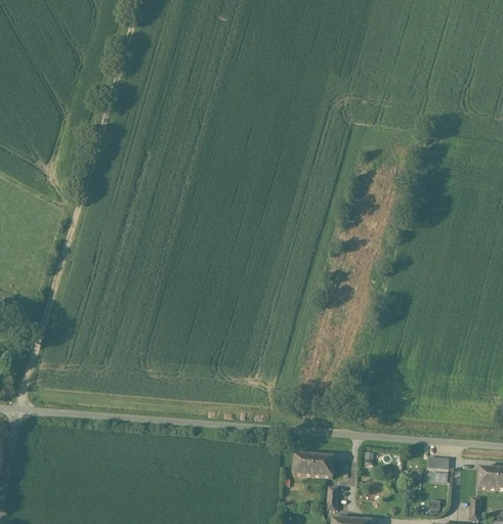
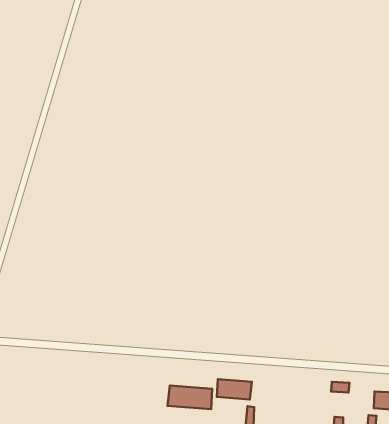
building: none -> [168,386,212,409]

